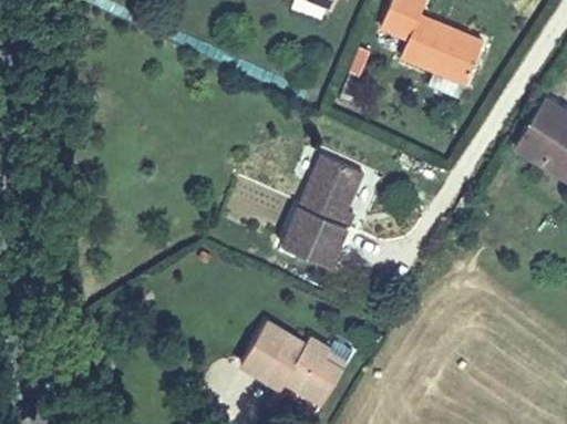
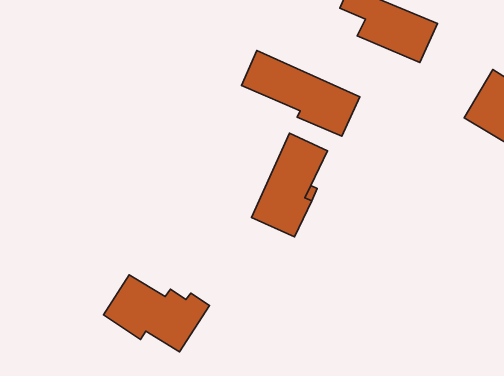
building: none -> [242,51,360,136]
building: [244,316,358,399] -> [104,275,209,352]

